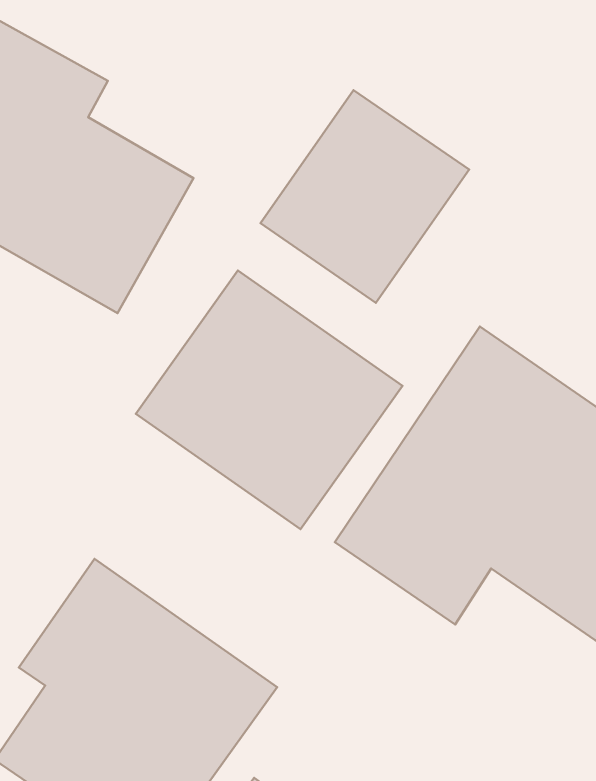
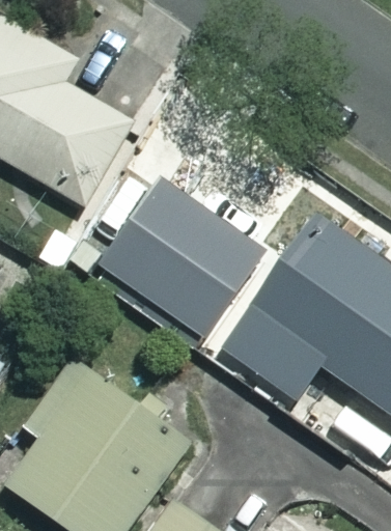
building: [260,90,469,303] -> none

